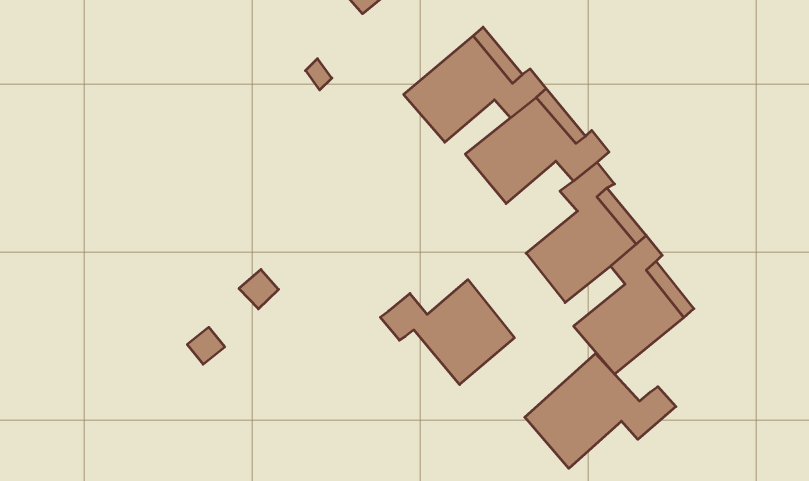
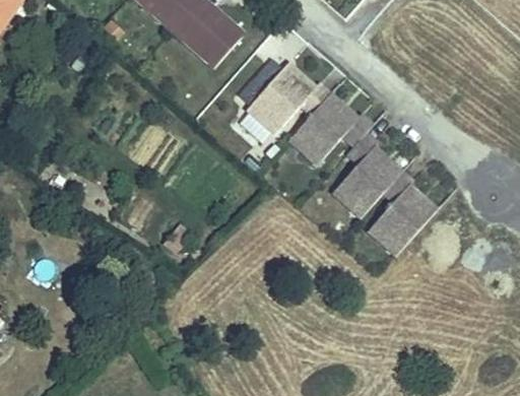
building: [380,280,514,385] -> none
building: [525,354,676,468] -> none

